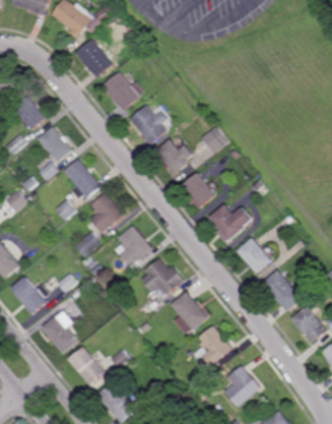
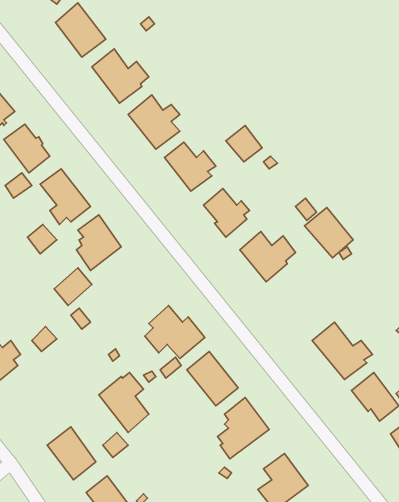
building: [113,226,150,274] -> none
building: [236,238,271,275] -> [304,208,353,258]
building: [42,311,78,355] -> [99,372,149,432]

